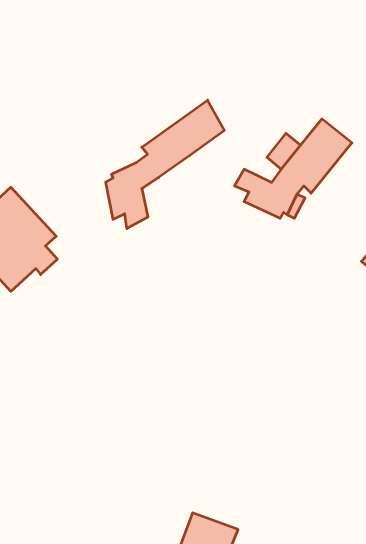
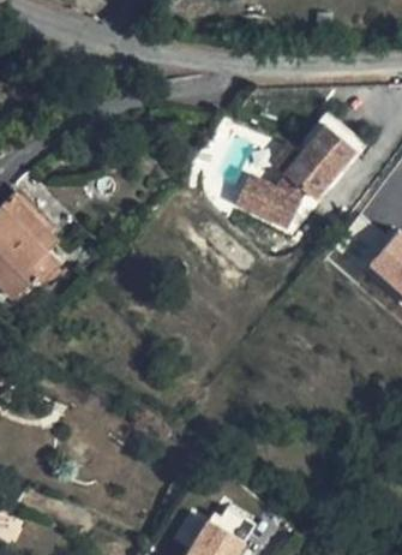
building: [106,100,224,229] -> none

